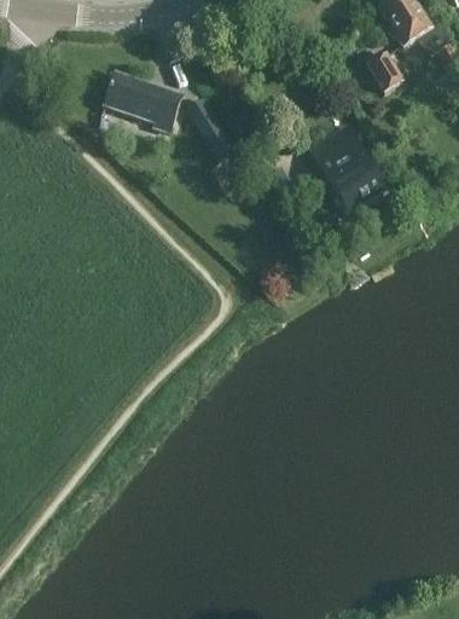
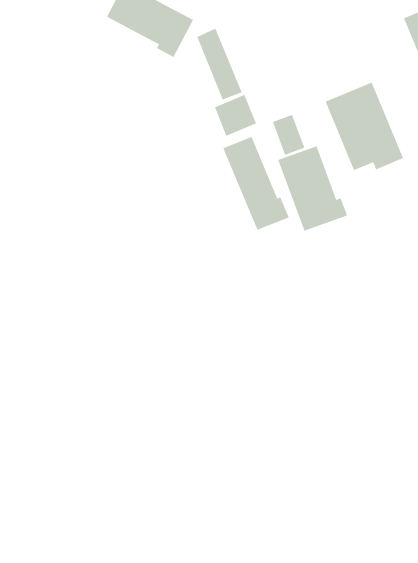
building: none -> [278,146,348,231]
building: none -> [223,136,290,231]

